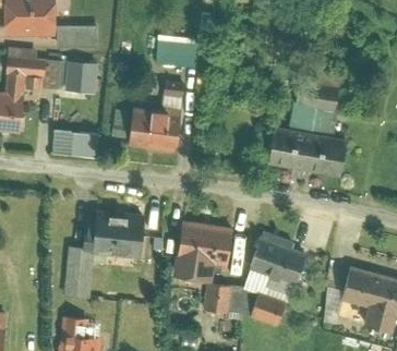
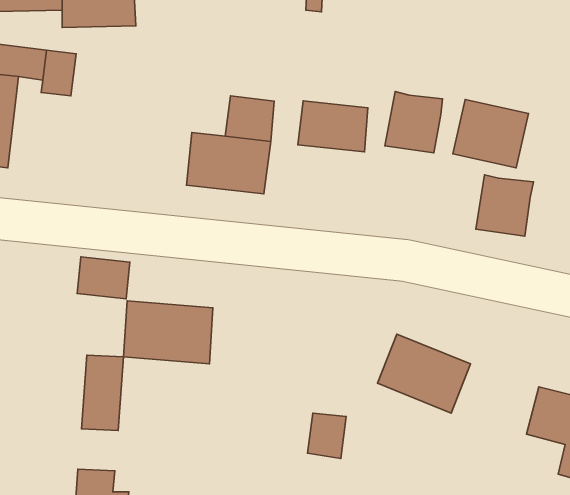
building: [156,39,200,71] -> [298,101,368,152]
building: [65,62,99,95] -> none
building: [273,130,309,168] -> [385,92,443,153]
building: [70,131,103,157] -> [77,257,130,299]
building: [173,220,232,283] -> none
building: [246,294,285,327] -> none

